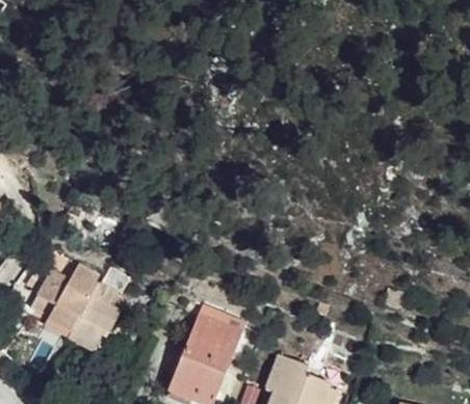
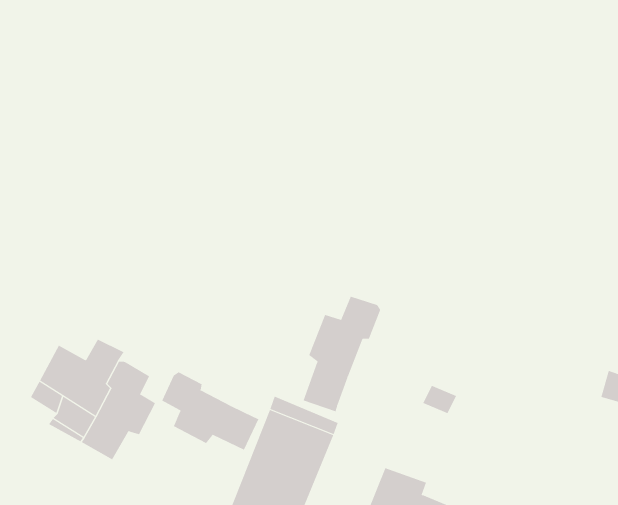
building: none -> [303,296,381,412]
building: none -> [161,372,259,450]

